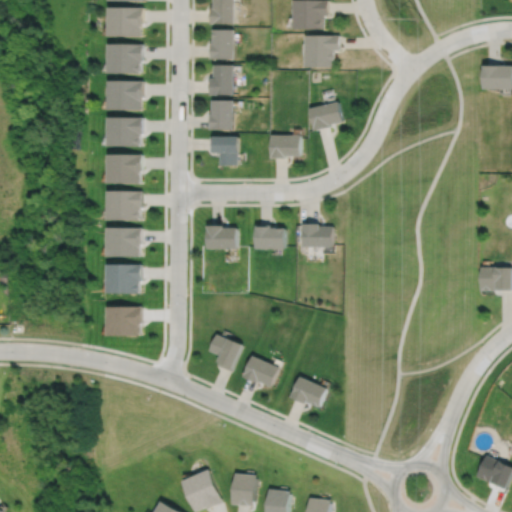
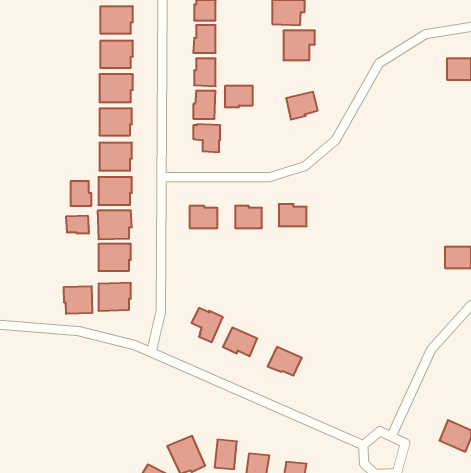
building: [270,134,300,157] -> [225,86,253,107]
building: none -> [71,181,91,206]
building: none -> [66,216,89,234]
building: none -> [64,286,92,314]

